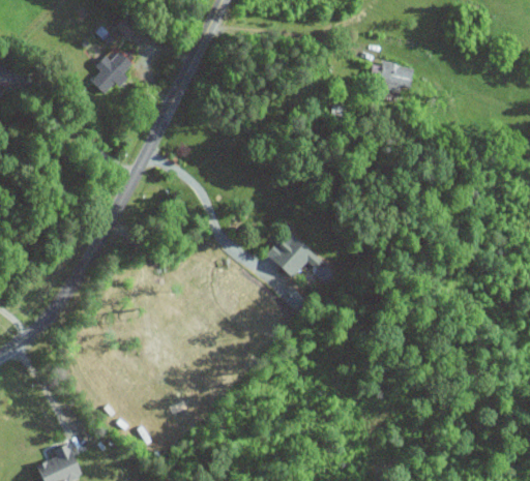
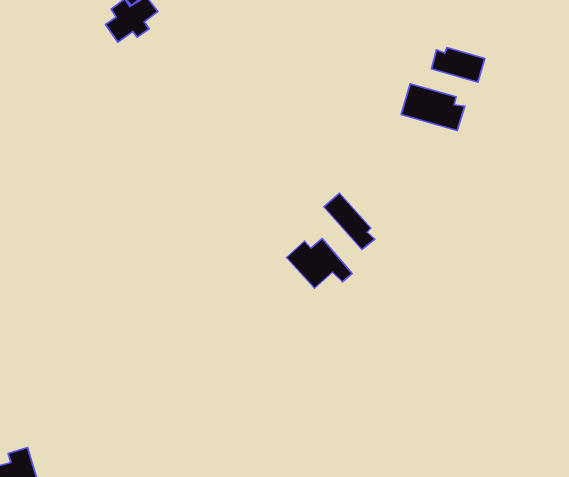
building: none -> [401,84,465,131]
building: none -> [324,193,375,250]

